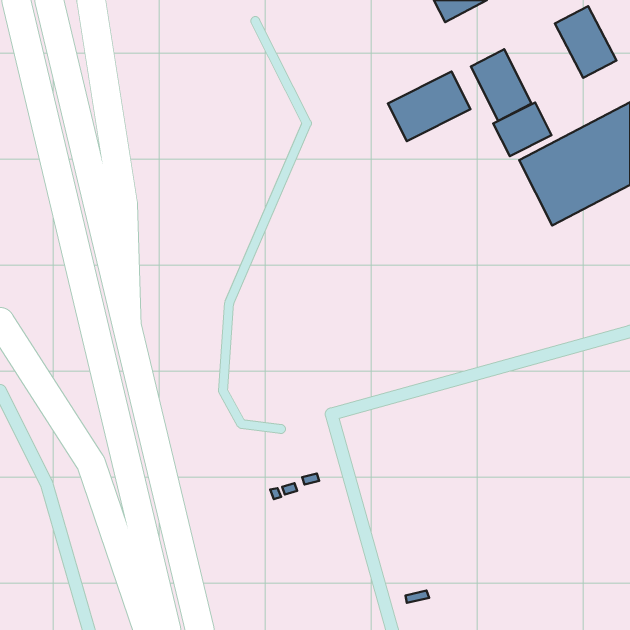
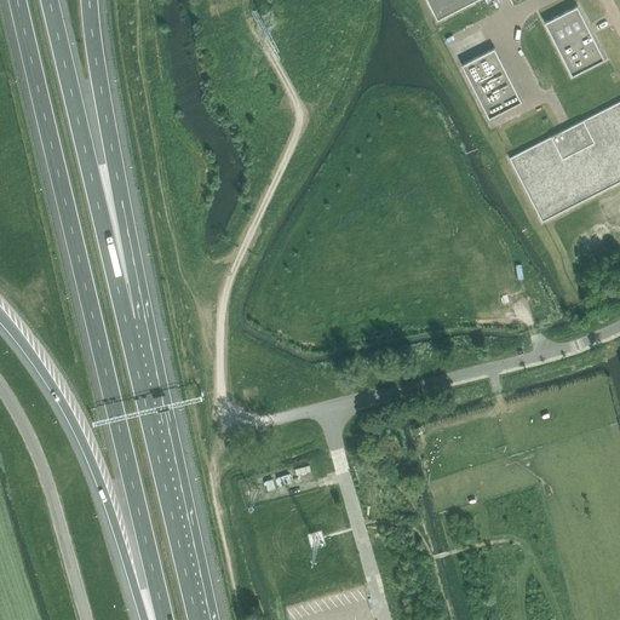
building: [388,71,471,141] -> none
building: [493,102,552,156] -> none

